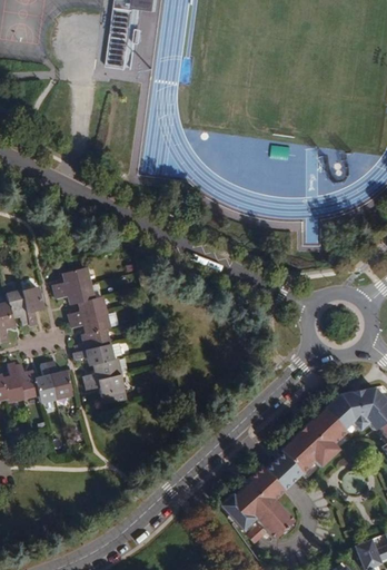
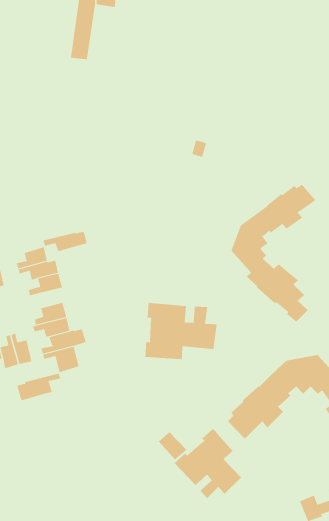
building: none -> [231,184,316,322]
building: [61,312,110,334] -> [42,231,88,252]
building: none -> [145,302,217,360]
building: none -> [16,373,61,401]
building: [264,458,295,489] -> [158,431,187,460]

